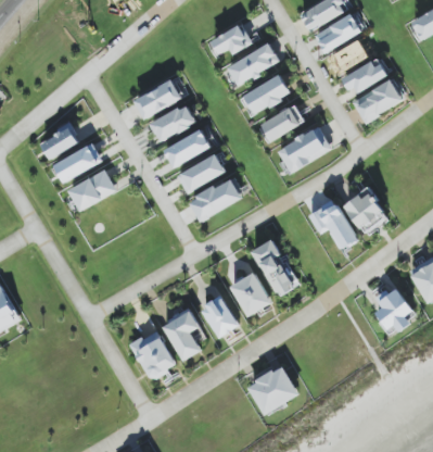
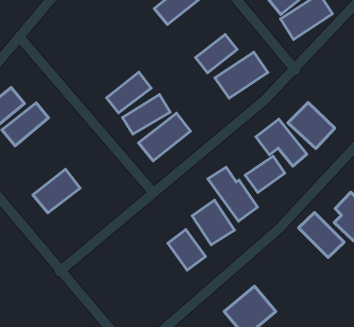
building: [243,76,290,113] -> none
building: [132,80,181,118] -> none
building: [150,105,195,141] -> none
building: [67,169,116,211] -> [33,169,80,213]
building: none -> [245,156,285,193]
building: none -> [299,213,344,257]
building: [161,309,200,361] -> none
building: [129,330,176,380] -> none

